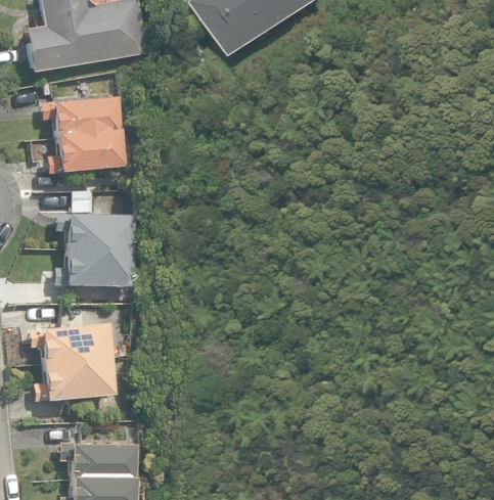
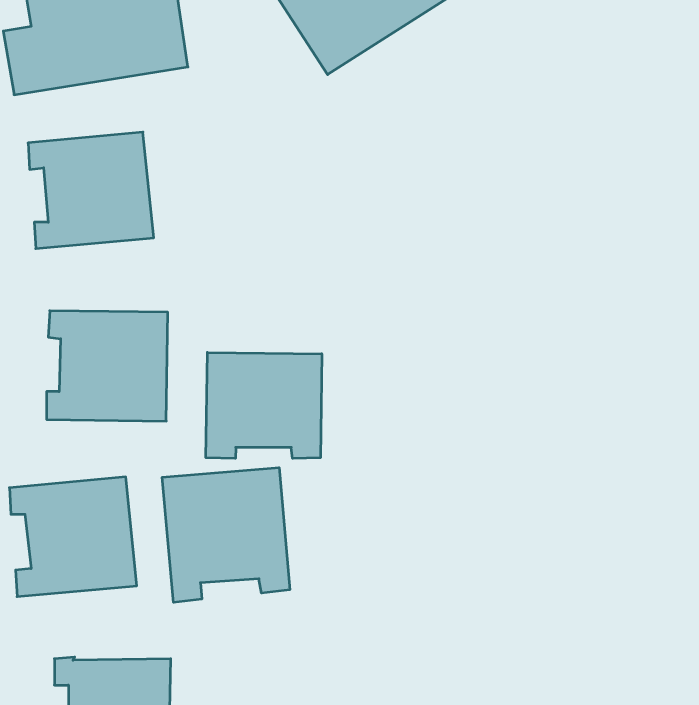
building: none -> [206,352,322,458]
building: none -> [162,468,290,602]

